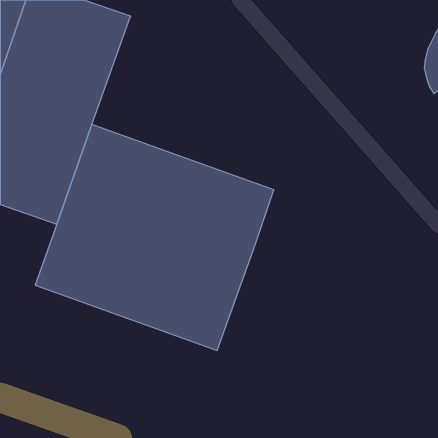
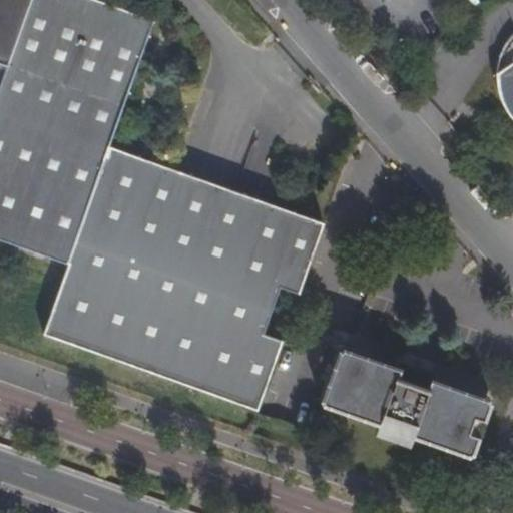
building: none -> [320,345,492,458]

